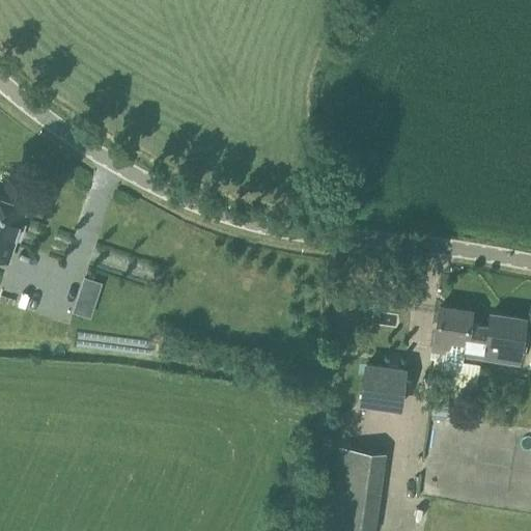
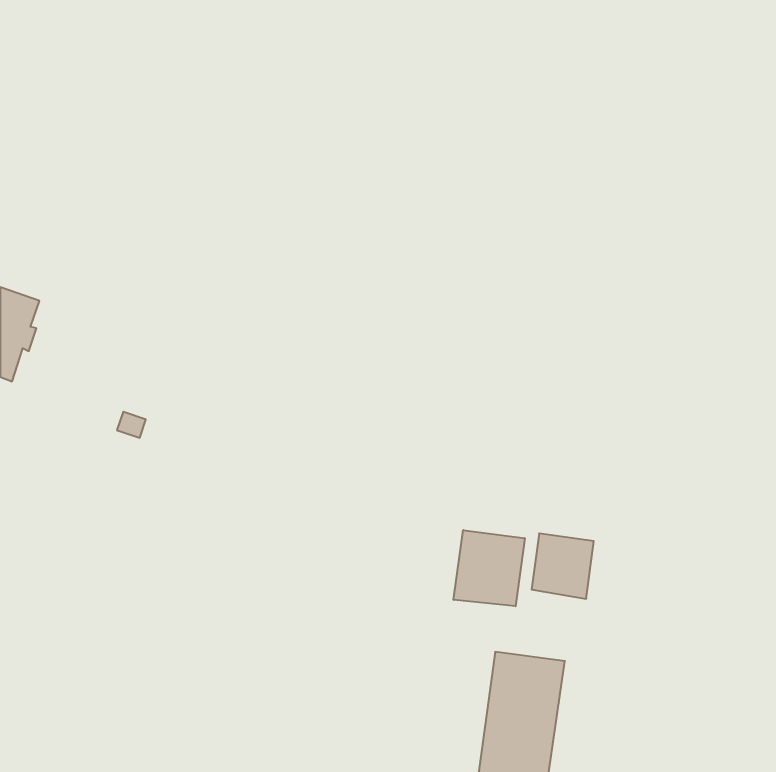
building: [436,308,526,367] -> none
building: none -> [454,530,525,606]

